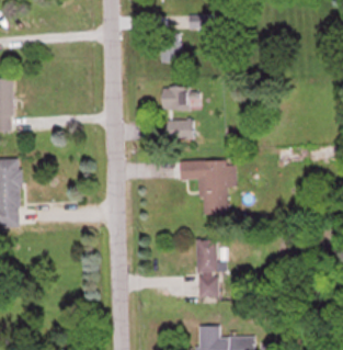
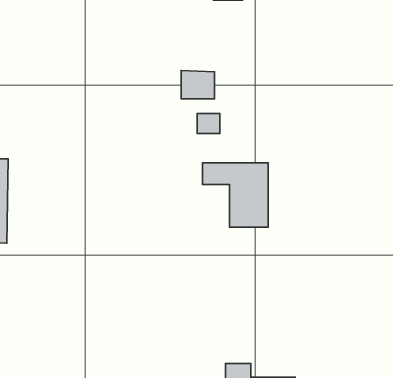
building: [161,34,180,63] -> none
building: [197,239,219,284] -> none

